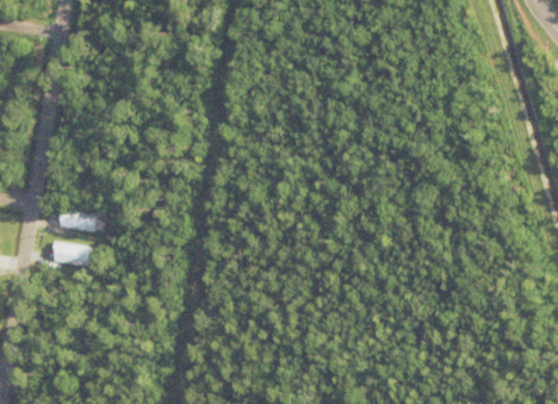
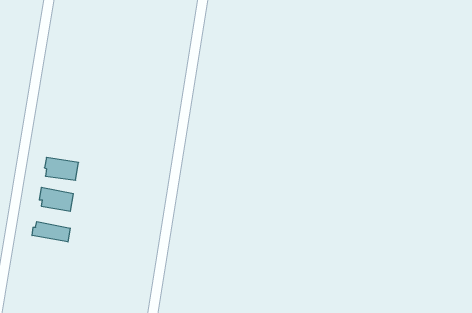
building: none -> [32,222,70,242]

